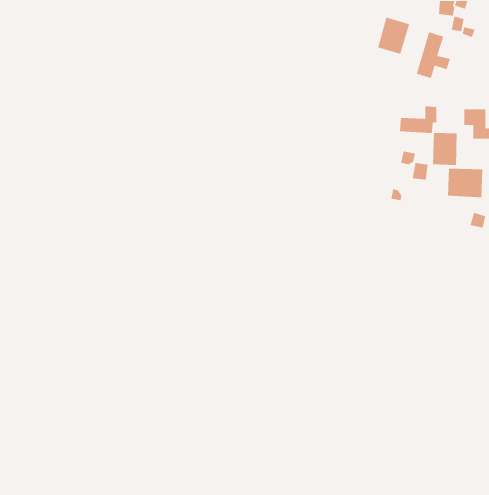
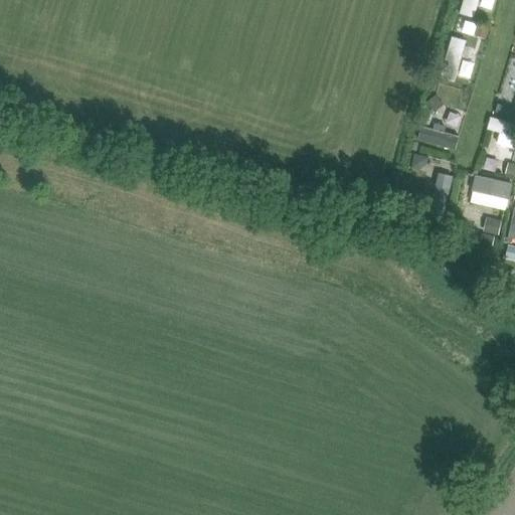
building: [377,16,410,55] -> none
building: [432,132,457,166] -> none

